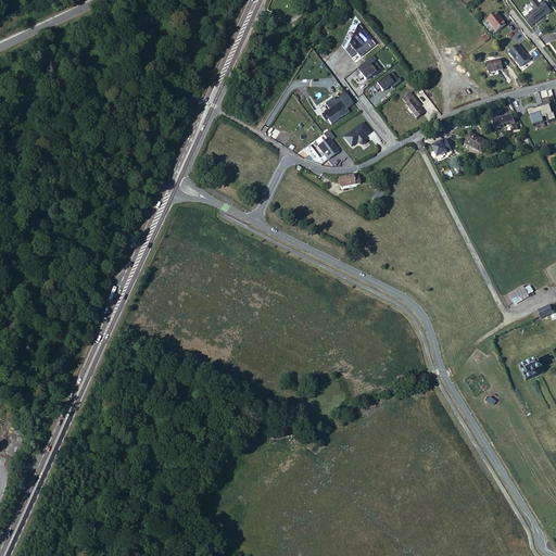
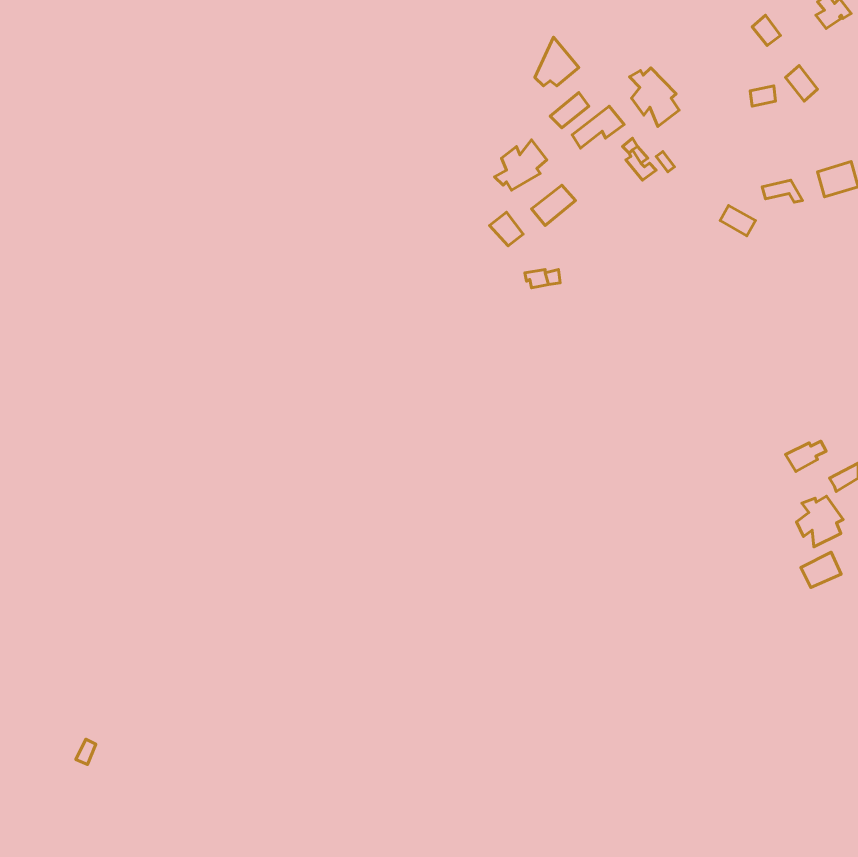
building: none -> [629,68,679,127]
building: none -> [797,496,843,547]

